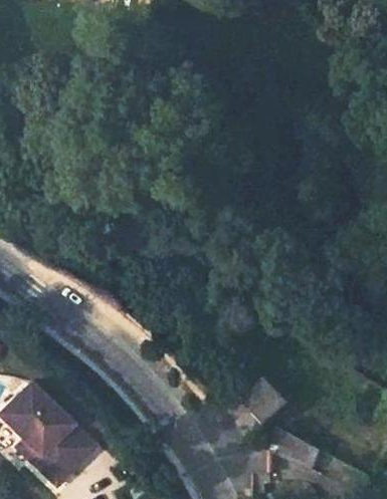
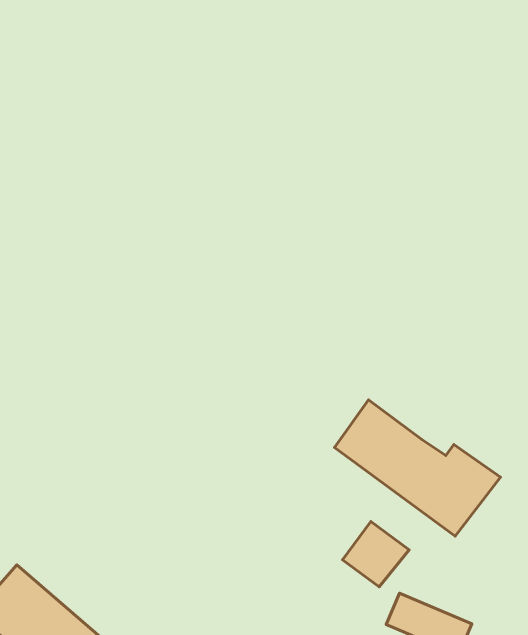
building: none -> [334,400,500,536]

